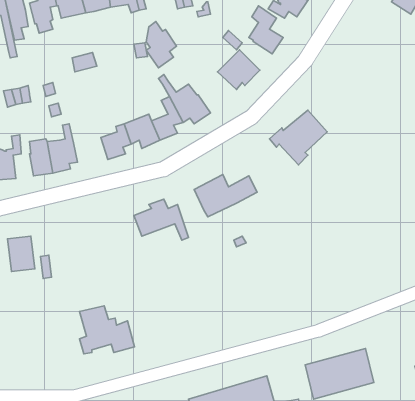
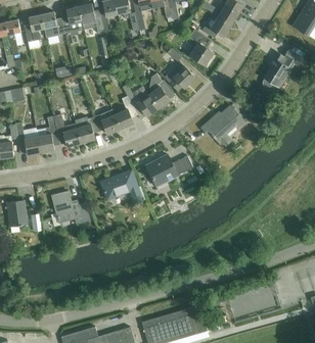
building: [146,21,176,68] -> [149,74,172,108]
building: none -> [263,50,303,90]
building: none -> [53,114,82,147]
building: [80,306,134,354] -> [51,190,92,226]

